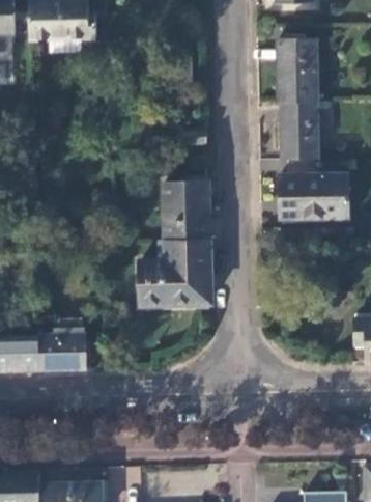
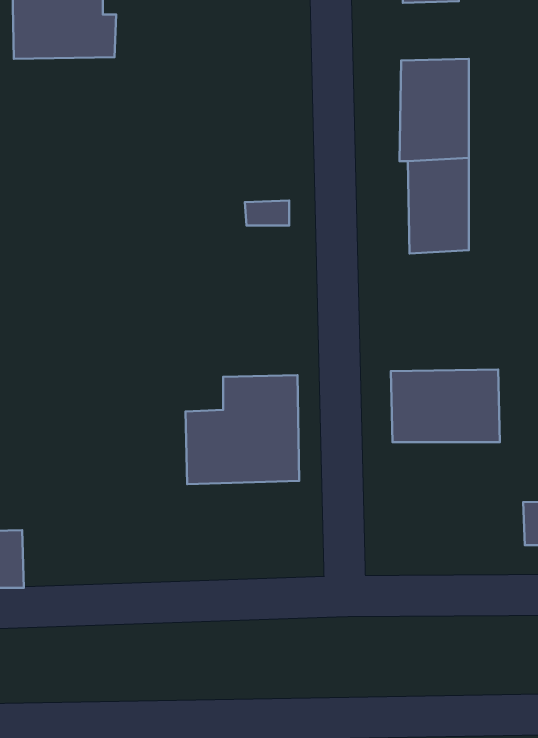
building: [279,175,347,221] -> [391,370,500,442]
building: [163,185,210,240] -> none
building: [37,334,85,372] -> none

